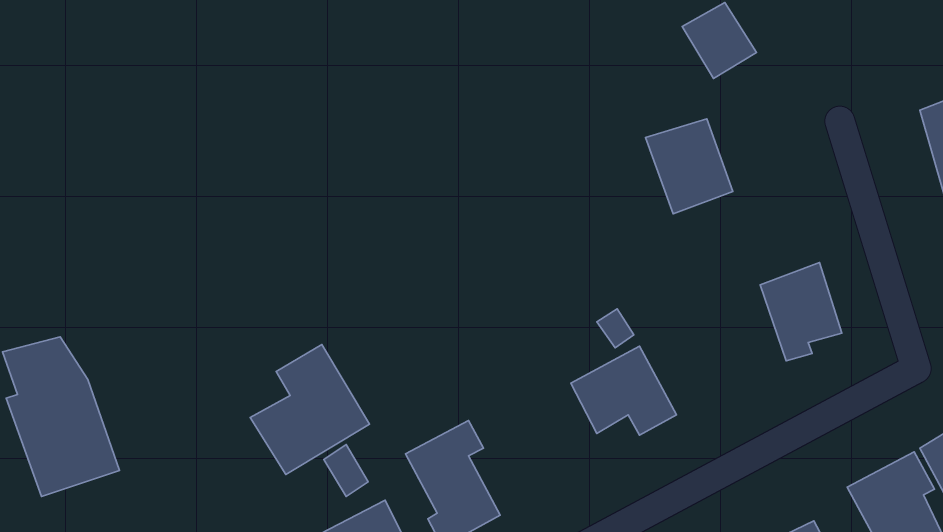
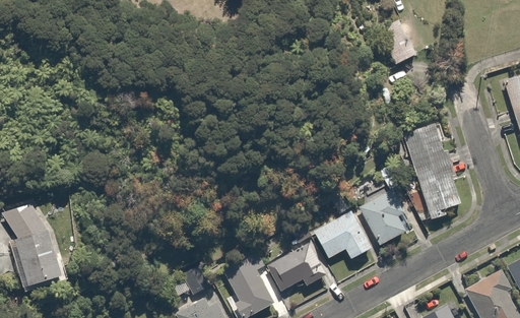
building: [645,119,733,214] -> [402,125,450,177]
building: none -> [358,188,407,248]
building: [250,345,370,475] -> none
building: none -> [267,242,328,291]

